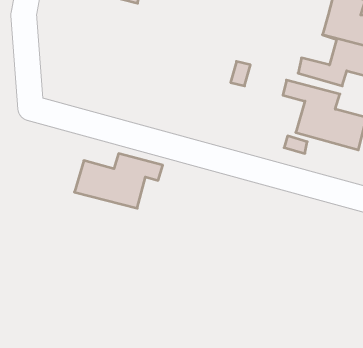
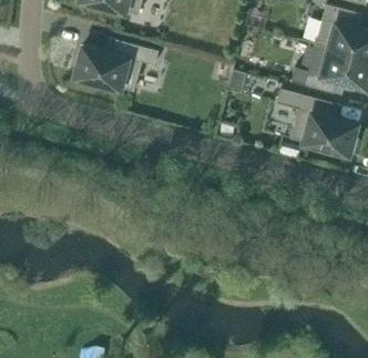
building: [74,154,163,208] -> [74,41,159,93]

